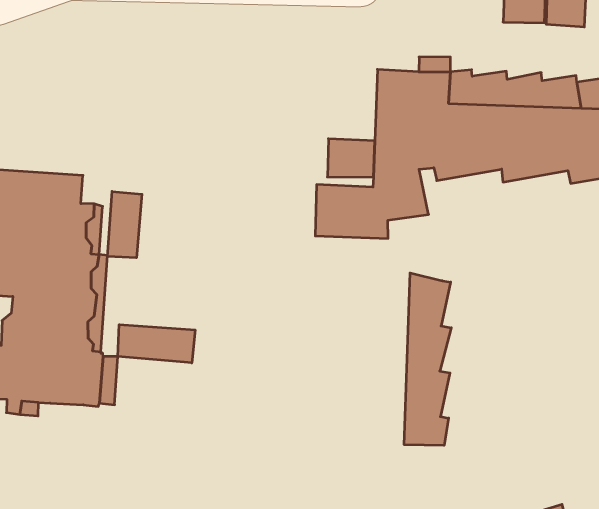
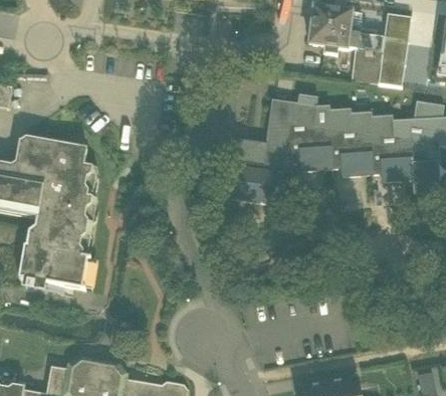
building: [108,191,142,258] -> none
building: [404,273,451,445] -> none
building: [118,325,195,363] -> none

